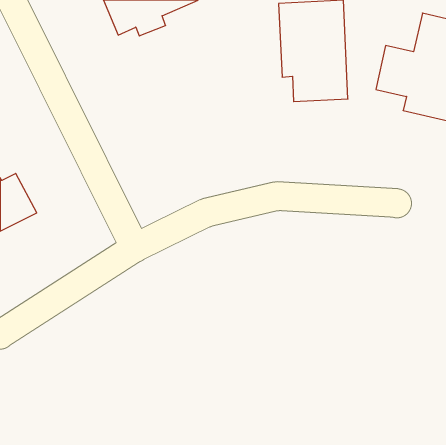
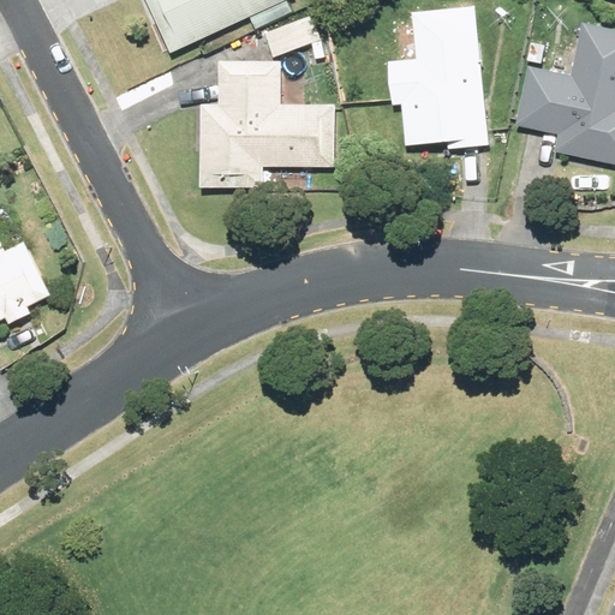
building: none -> [201,58,335,189]

